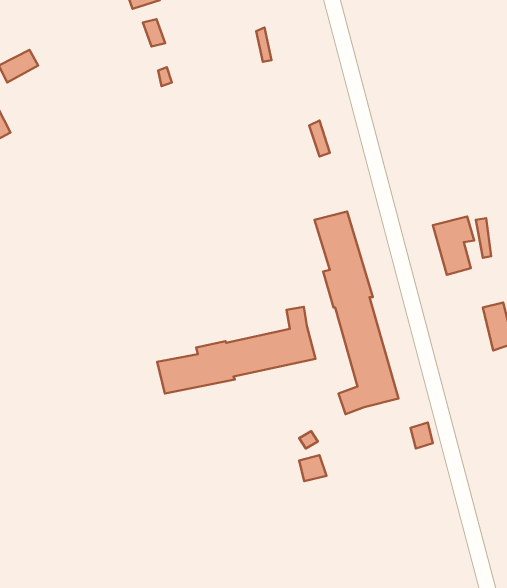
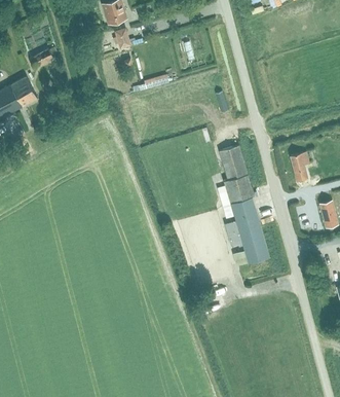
building: [157,307,315,393] -> none

